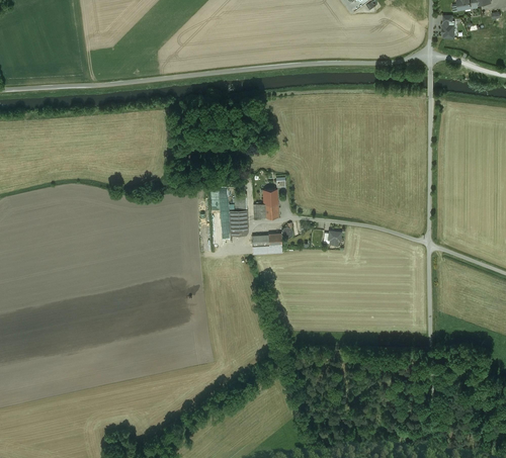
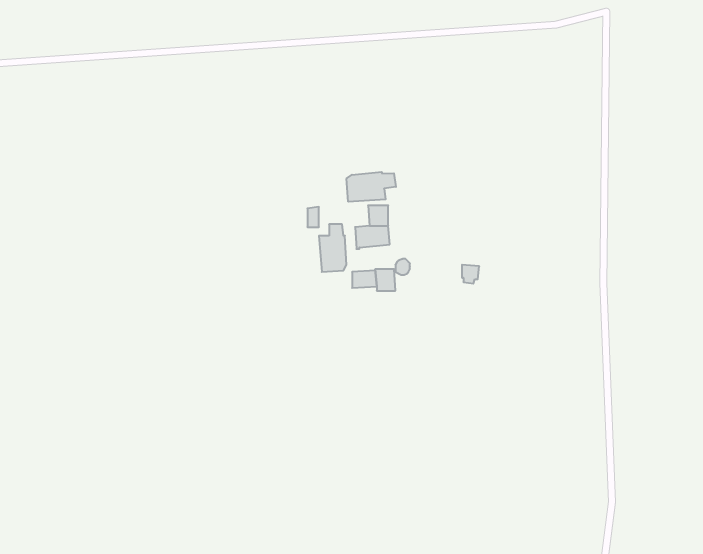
building: none -> [347,172,396,202]

